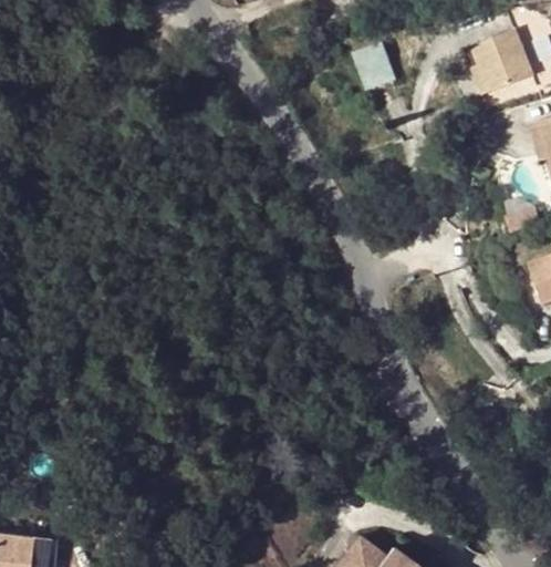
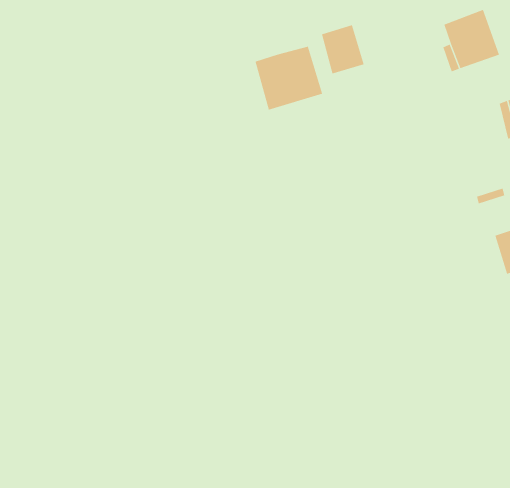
building: none -> [255,46,323,110]

